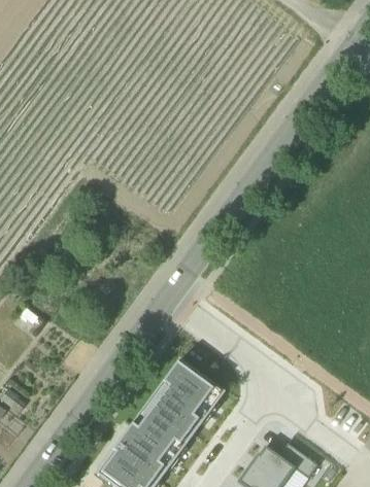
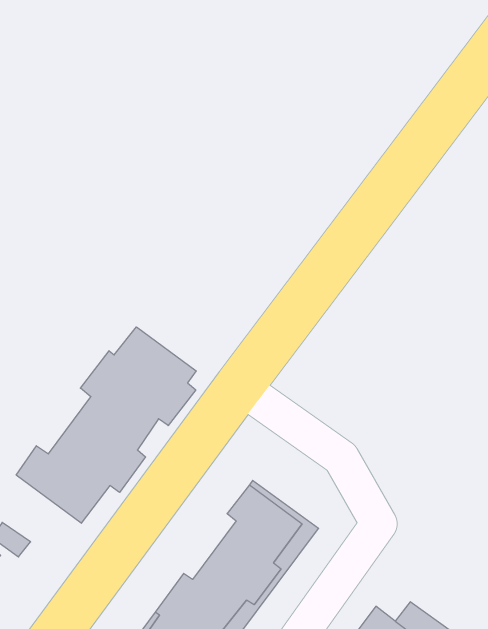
building: none -> [16,327,196,523]

